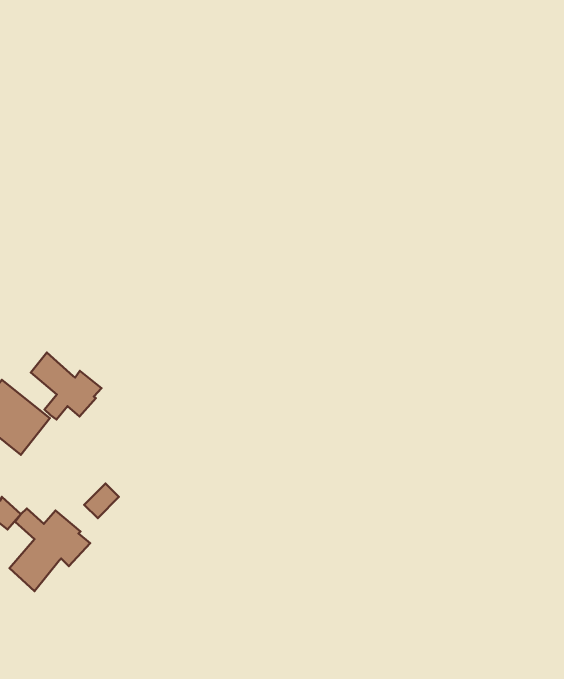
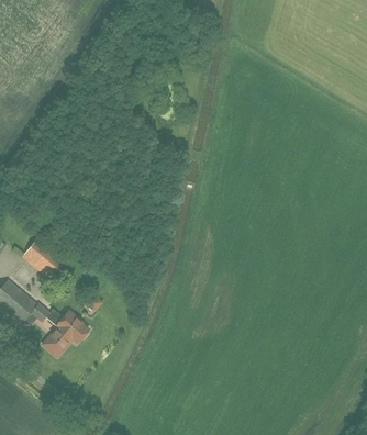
building: [31,353,101,420] -> none

